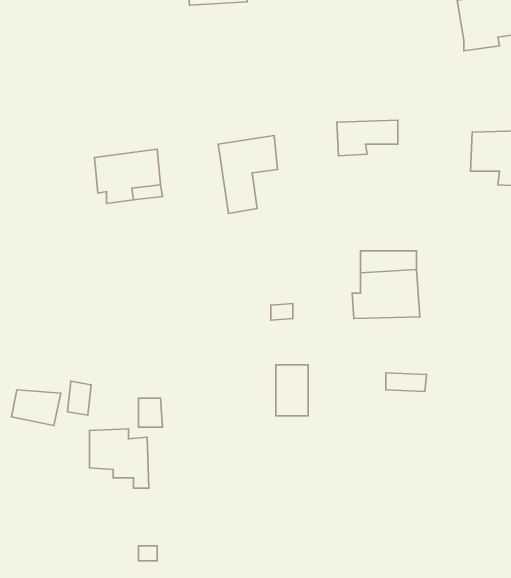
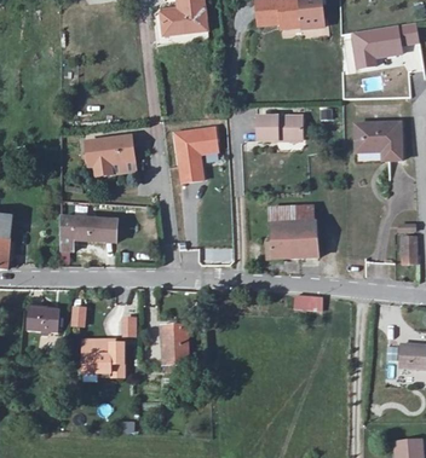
building: none -> [64,220,122,251]
building: [276,365,308,416] -> [166,329,189,365]

